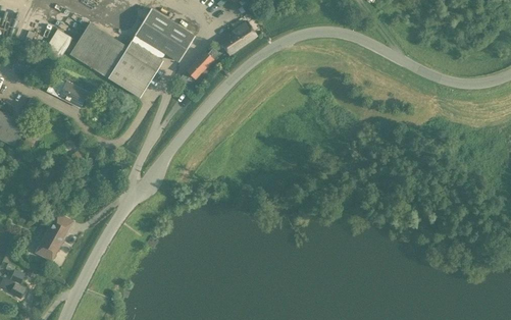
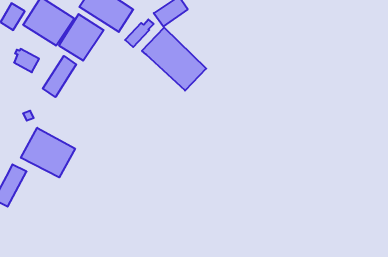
building: none -> [142,28,206,91]
building: none -> [43,56,76,97]
building: none -> [21,128,75,177]

